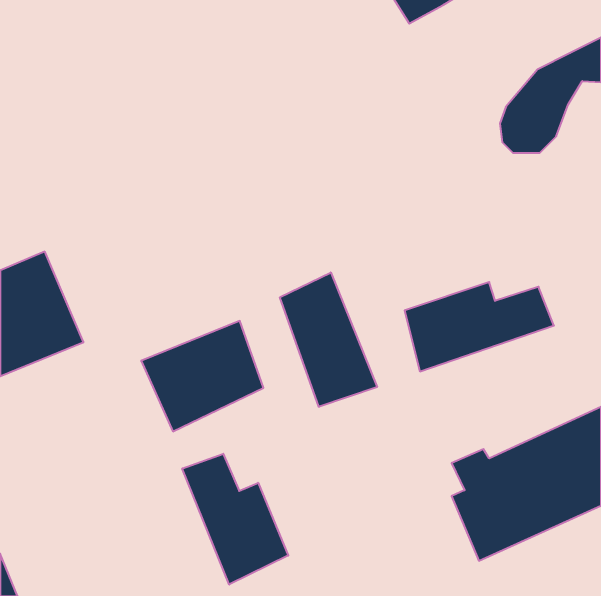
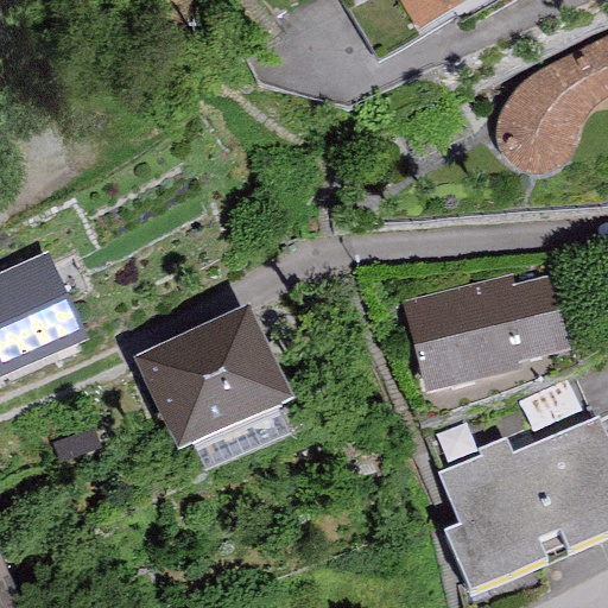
building: [280,272,377,407] -> none
building: [182,454,288,585] -> none

